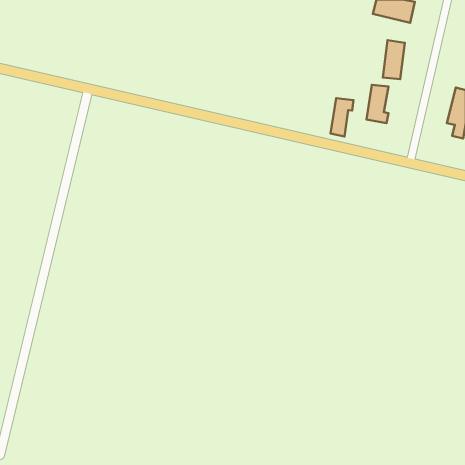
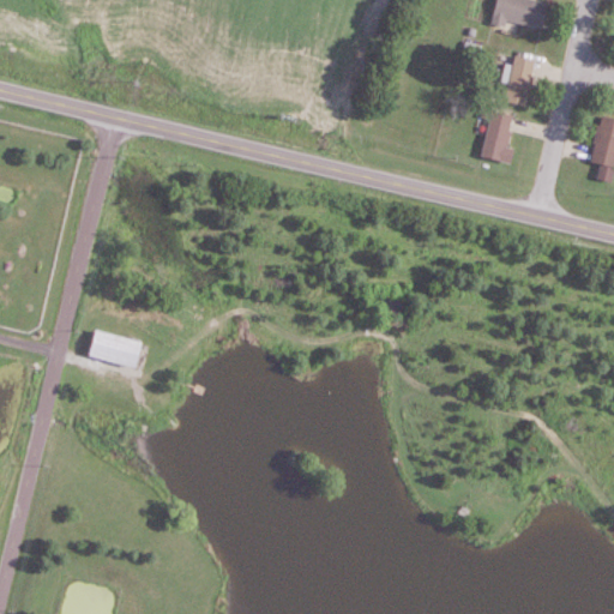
building: [331,98,353,136] -> none
building: none -> [86,330,139,367]

